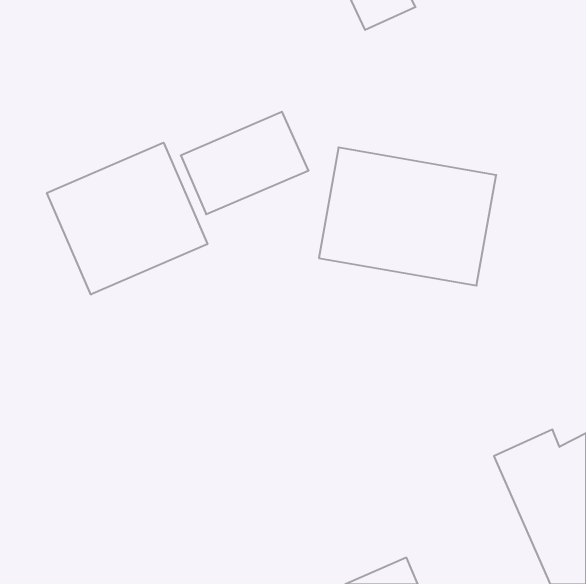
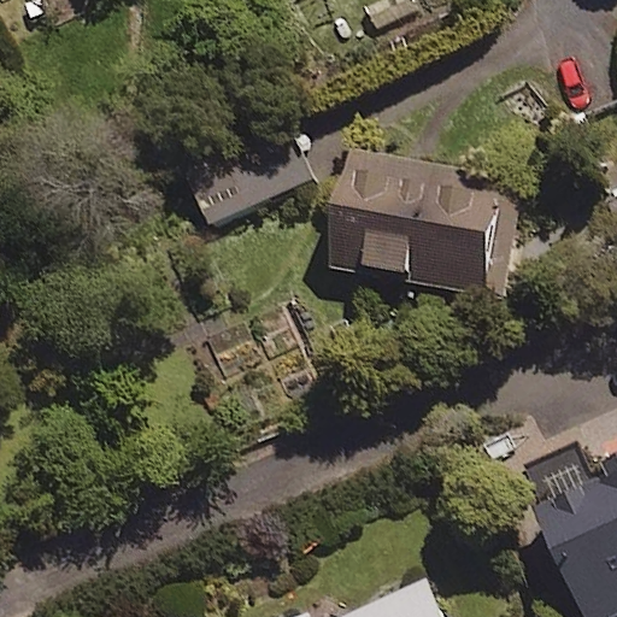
building: [47,143,207,295] -> none

